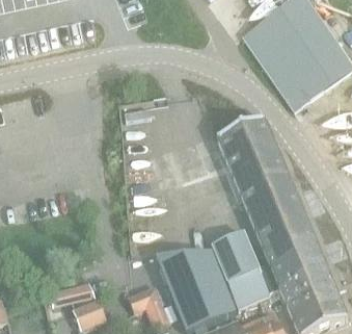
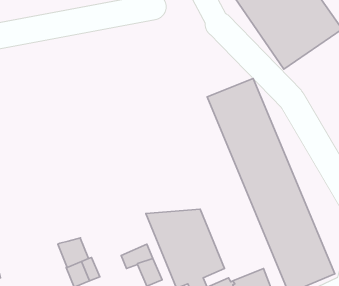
building: [212,228,269,304] -> none

